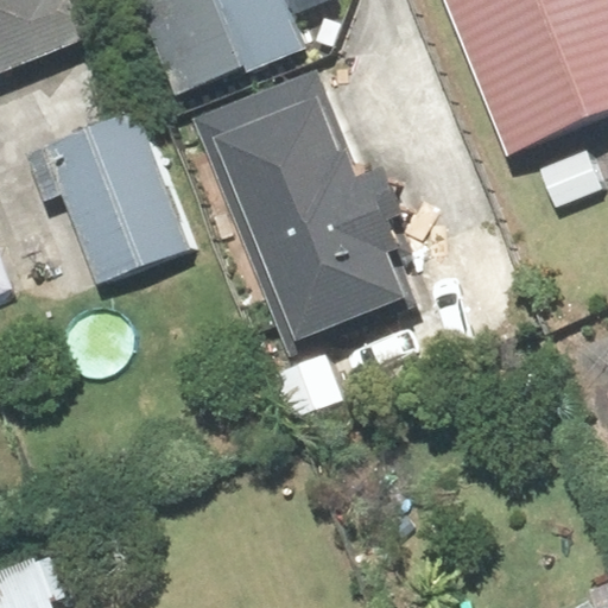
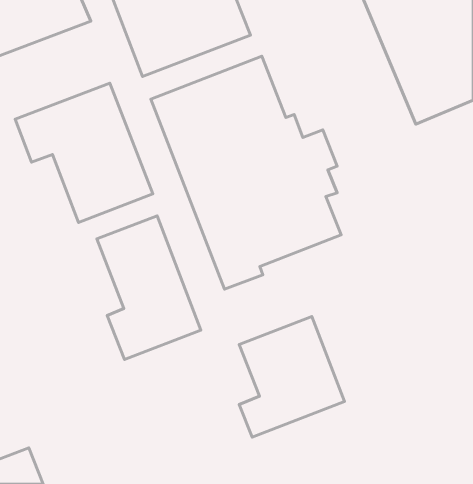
building: none -> [97,216,201,360]
building: none -> [239,316,344,437]

